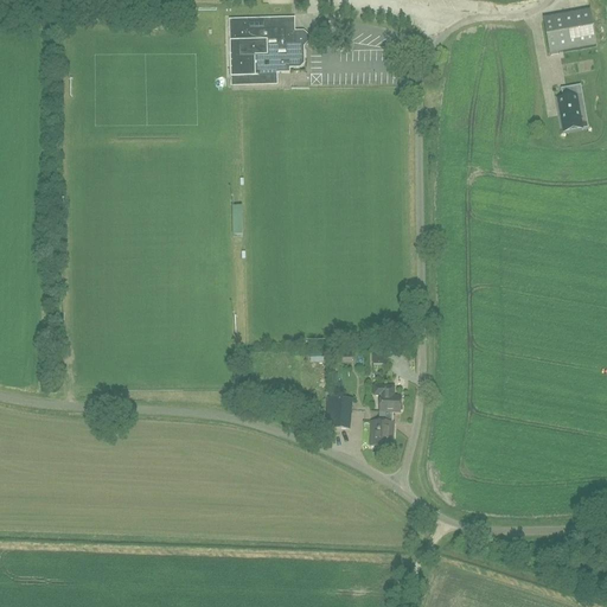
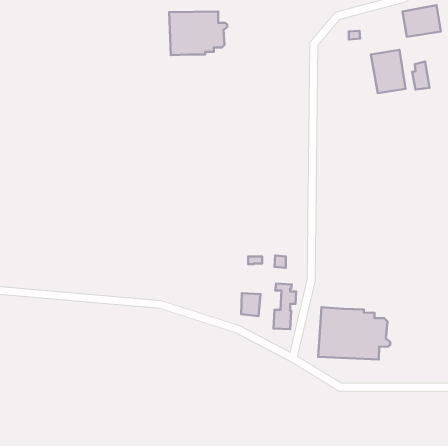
building: none -> [371,50,405,93]
building: none -> [318,307,390,360]

